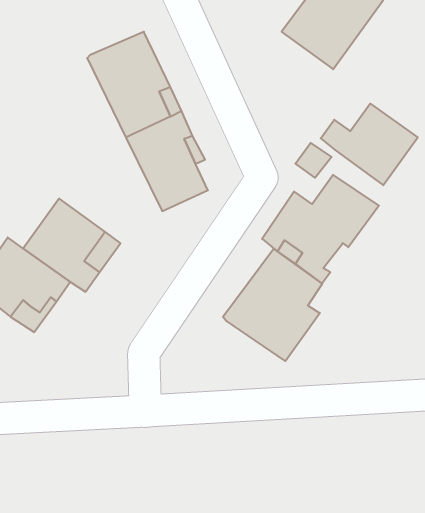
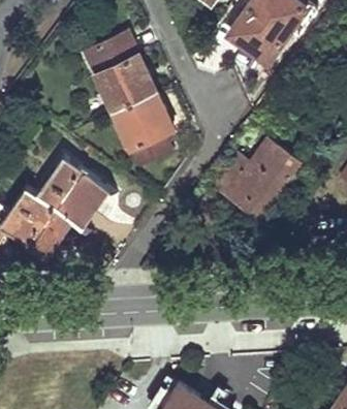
building: [321,104,418,185] -> none
building: [223,249,322,361] -> none

